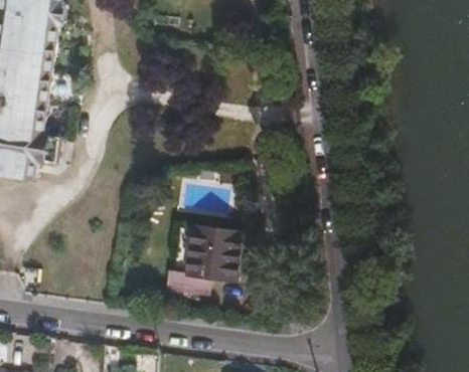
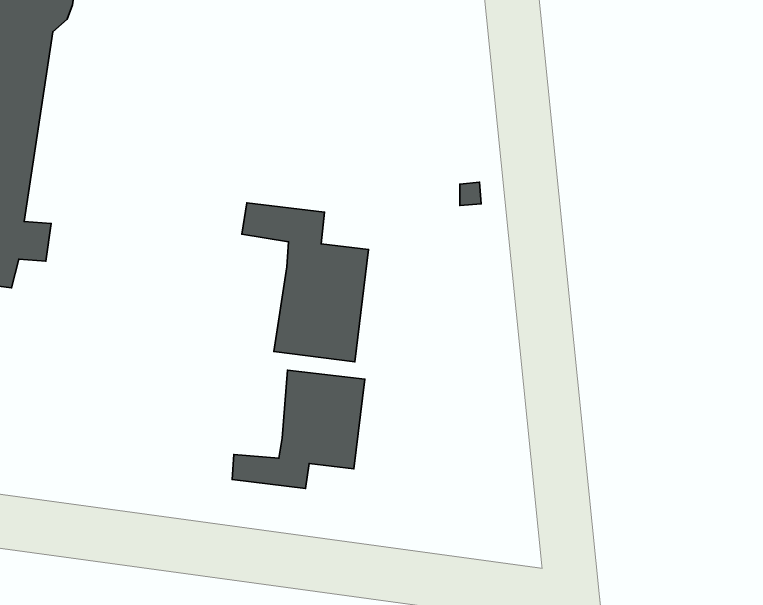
building: none -> [242,203,368,362]

